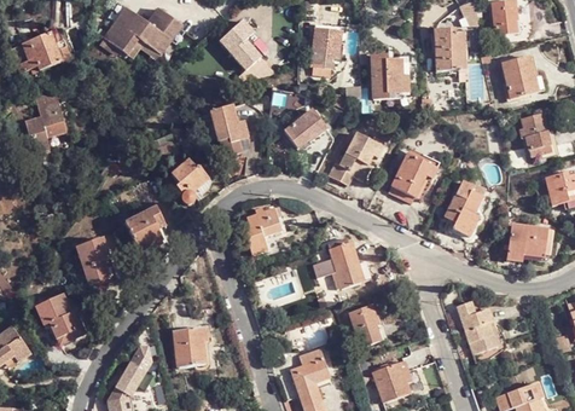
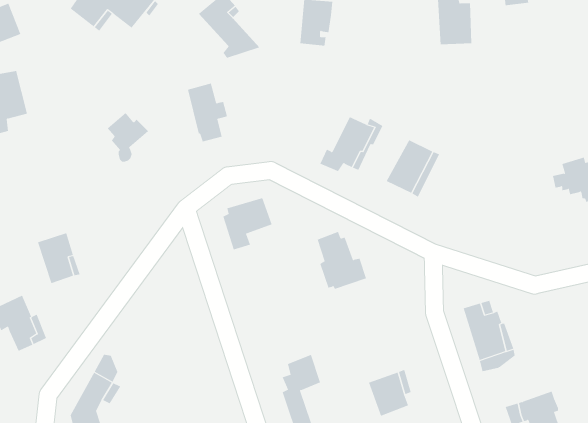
building: [371,54,408,98] -> none
building: [501,56,539,99] -> none
building: [283,111,326,155] -> none
building: [521,114,556,157] -> none
building: [170,161,208,206] -> [107,112,149,162]
building: [443,181,488,237] -> none
building: [126,209,163,250] -> none
building: [504,224,547,261] -> none
building: [349,303,379,347] -> none
building: [173,326,207,367] -> none

